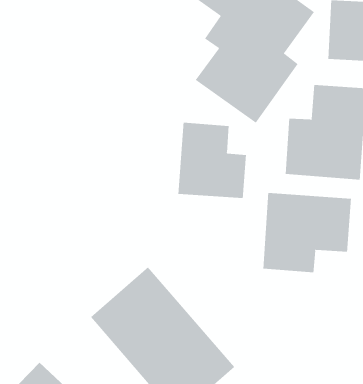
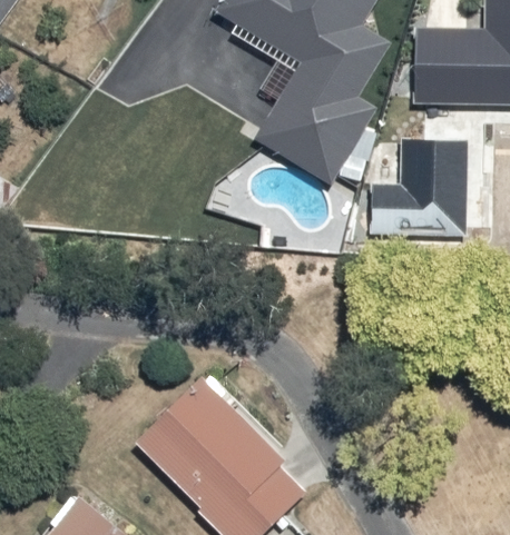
building: [178,122,247,199] -> none
building: [263,192,352,273] -> none

